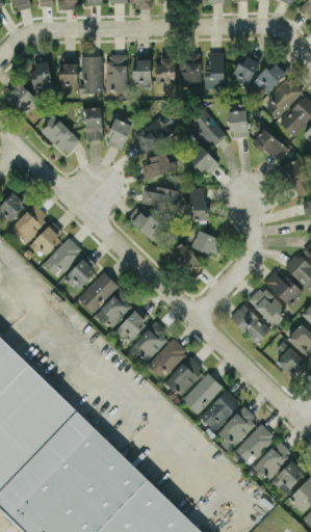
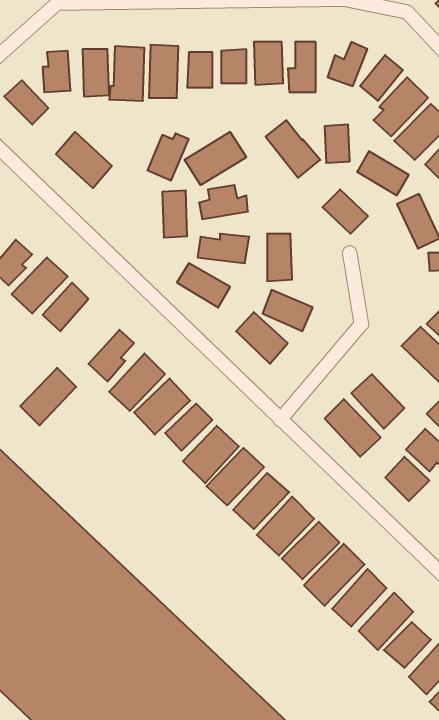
building: [84,107,102,140] -> [162,190,187,238]
building: [187,144,219,176] -> [322,189,368,234]
building: [43,237,82,277] -> [20,368,76,425]
building: [264,271,303,305] -> none

